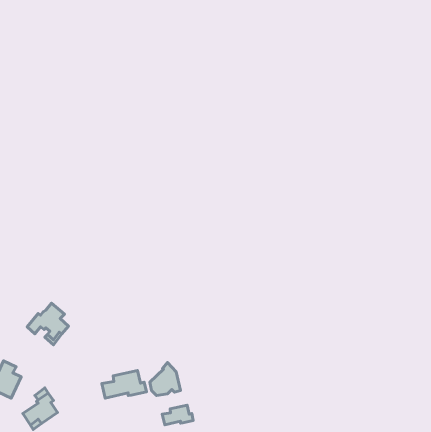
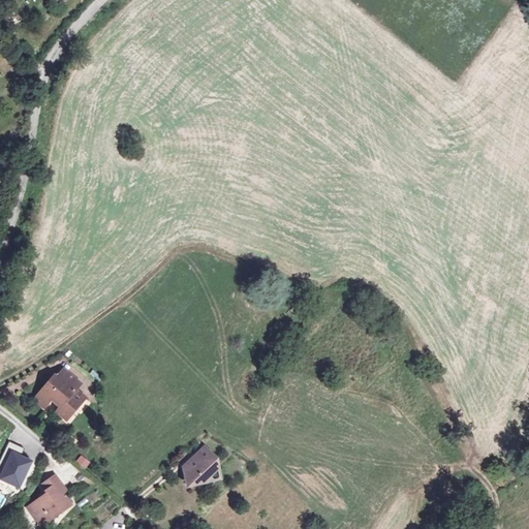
building: [102,370,146,398] -> none
building: [162,405,193,425] -> none

